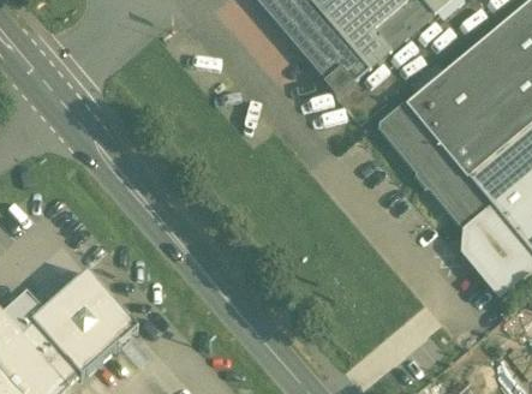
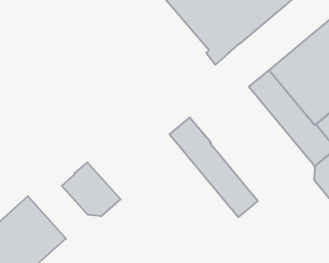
building: none -> [170,117,258,217]
building: none -> [62,162,121,216]

